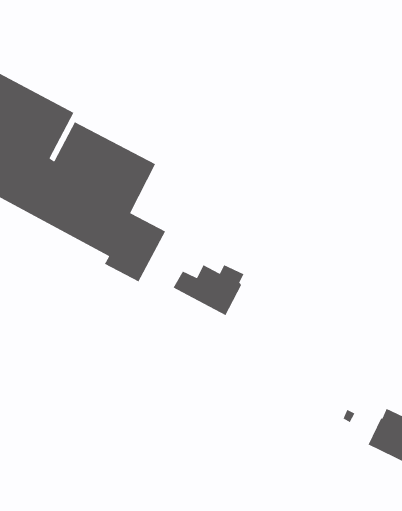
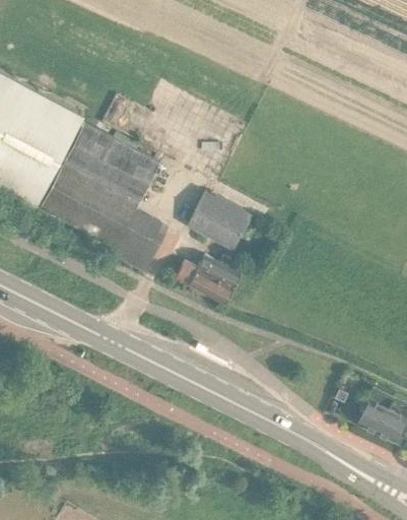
building: none -> [185,190,251,250]

